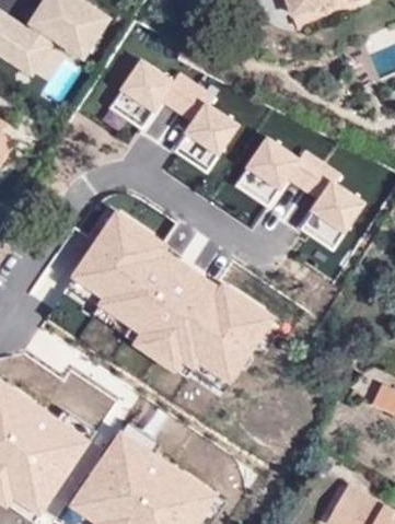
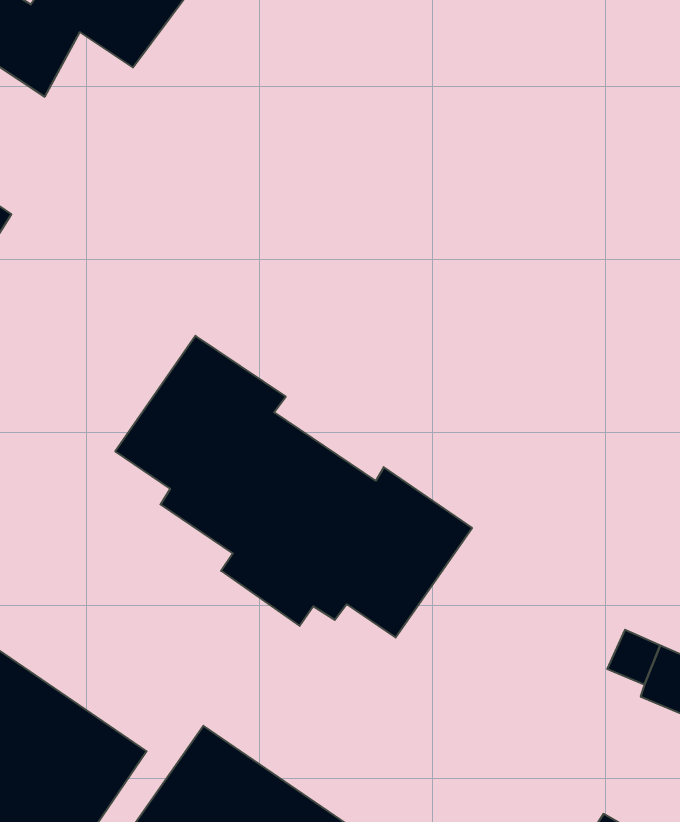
building: [109,60,242,174] -> none
building: [234,139,365,252] -> none

